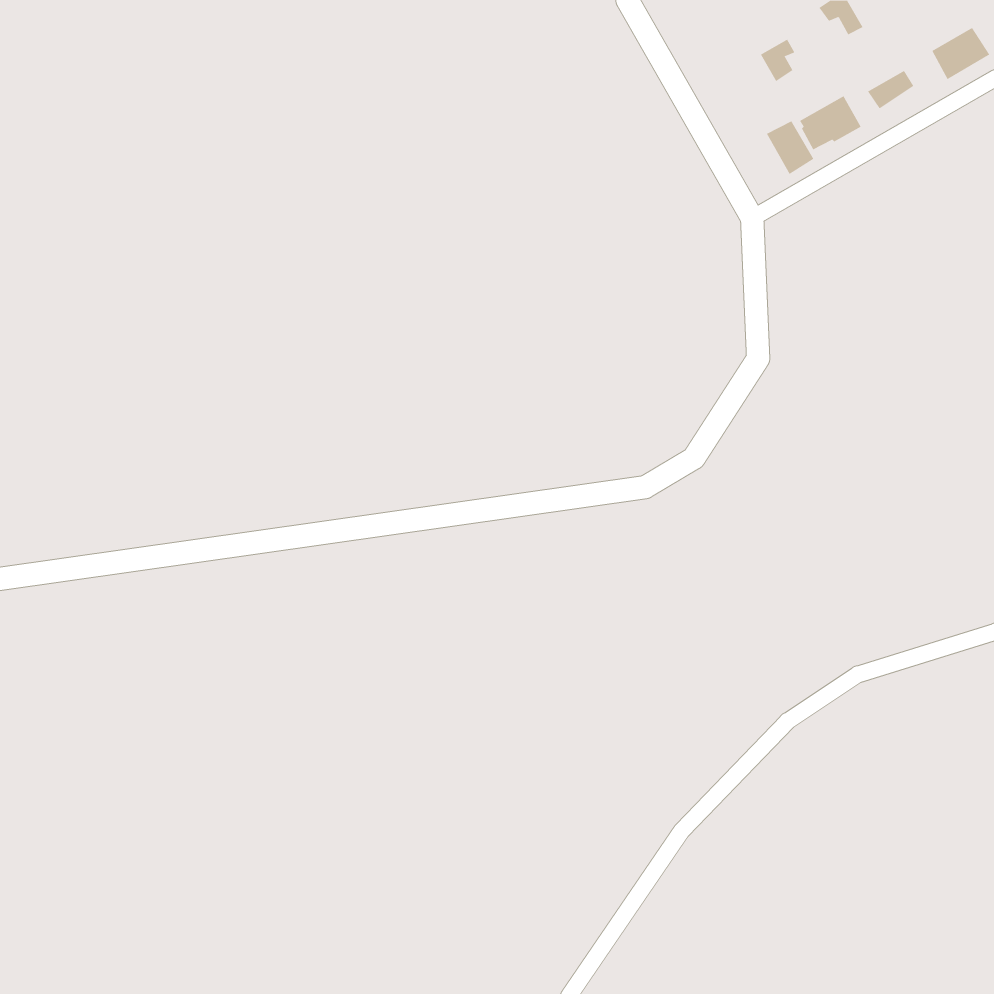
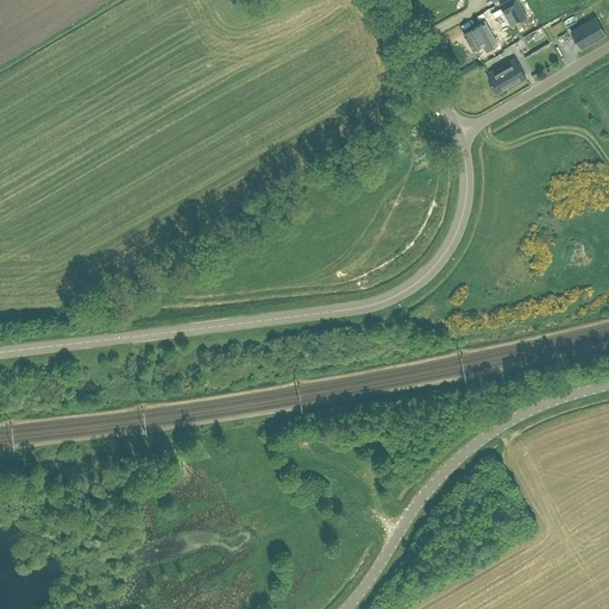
building: [766,120,814,175] -> none

